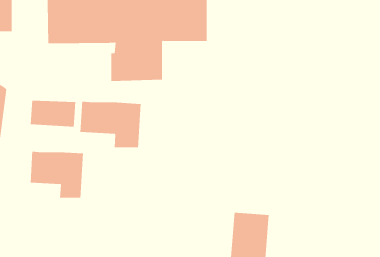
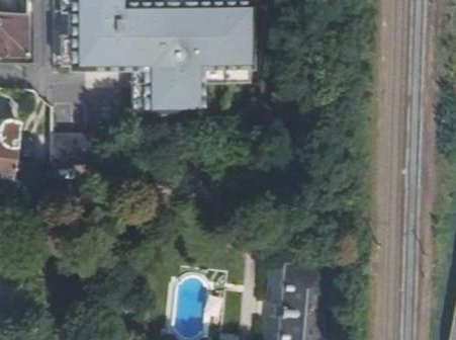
building: [80,101,141,148] -> none
building: [30,151,84,198] -> none

